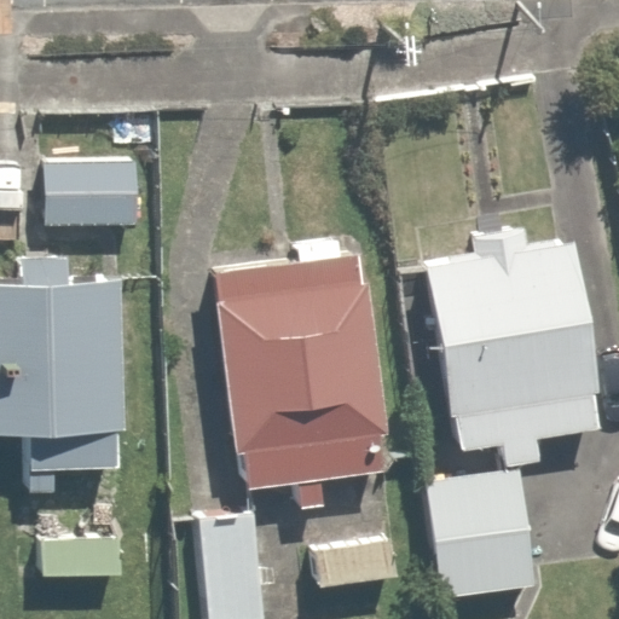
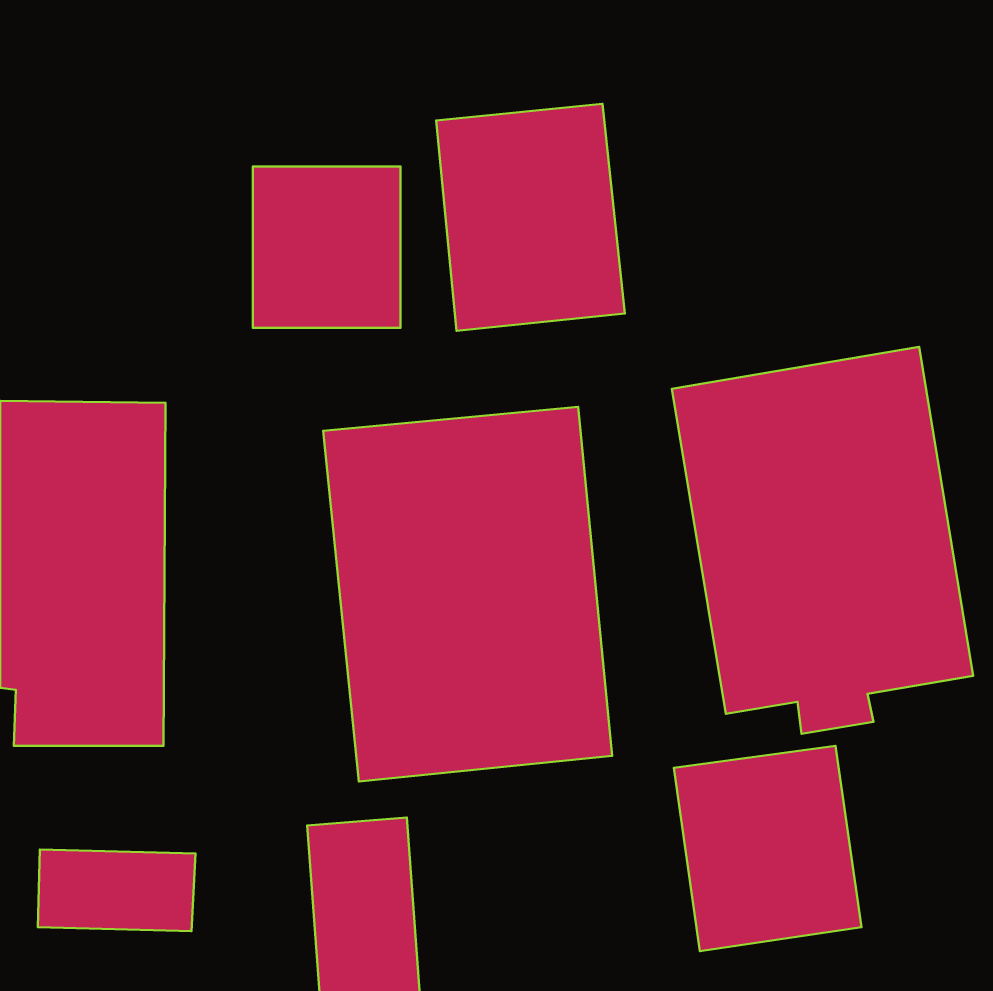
building: none -> [436,104,625,331]
building: [45,144,134,242] -> [253,166,400,328]

